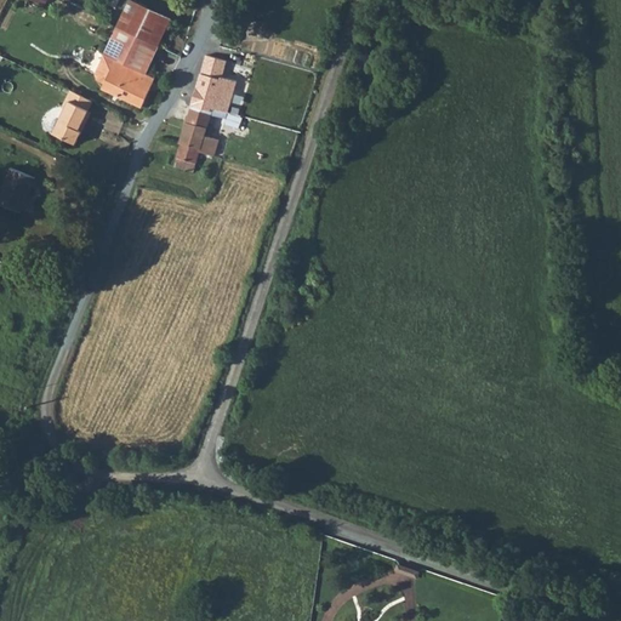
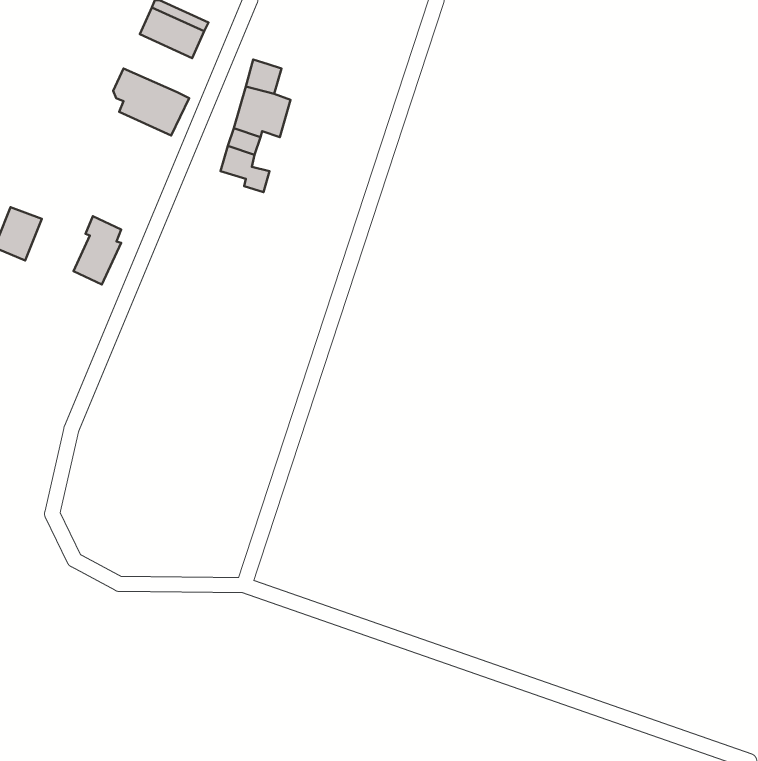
building: [101,28,156,75] -> none
building: [52,90,91,146] -> [73,216,121,285]
building: [172,139,200,171] -> none

